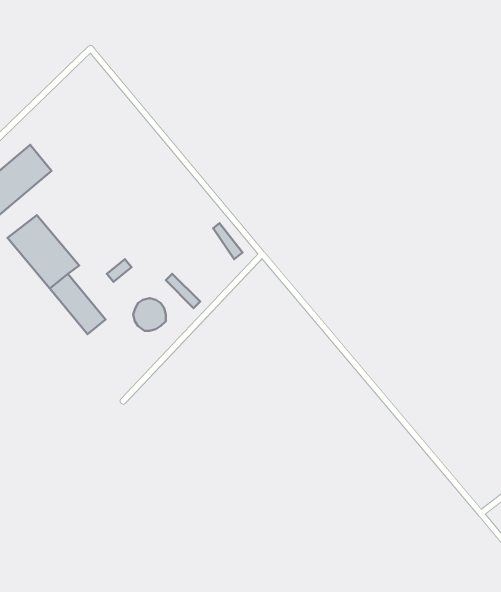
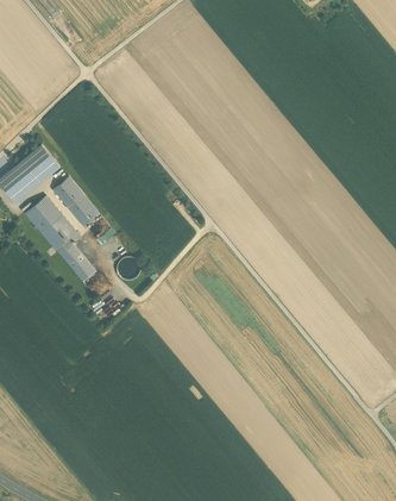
building: none -> [52,176,99,226]

